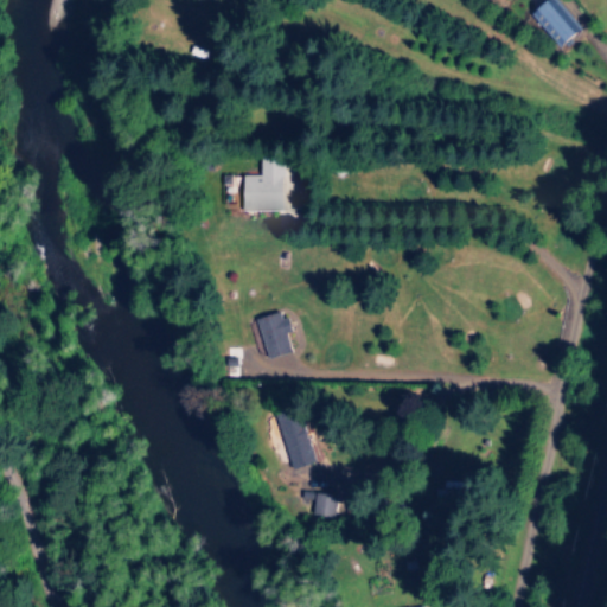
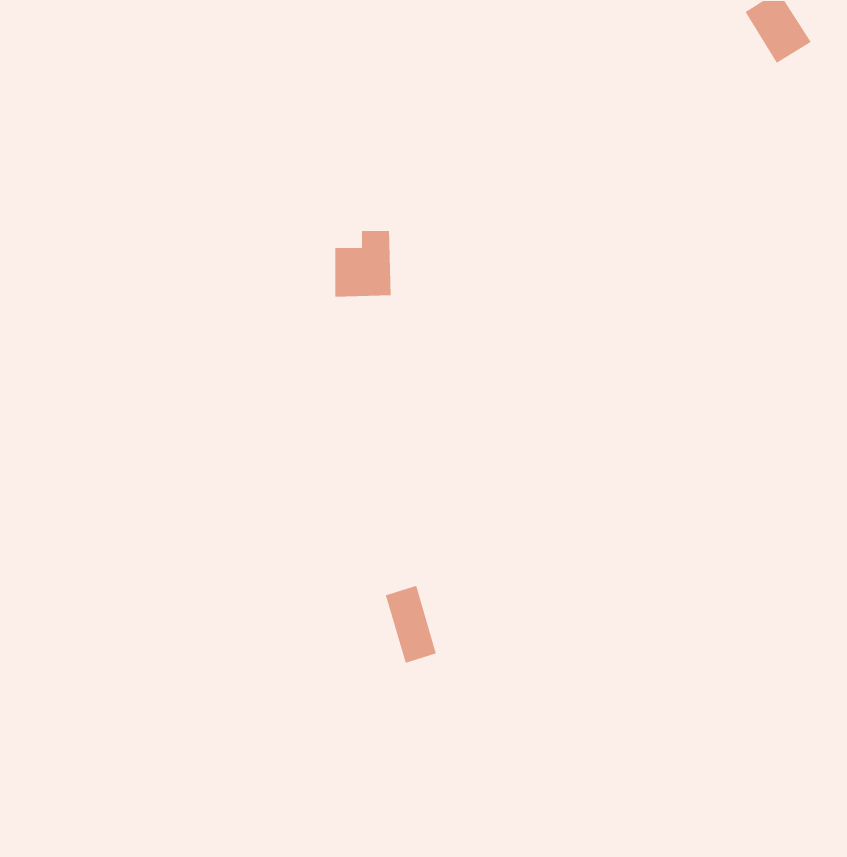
building: [258,312,294,359] -> none
building: [315,494,340,518] -> none

